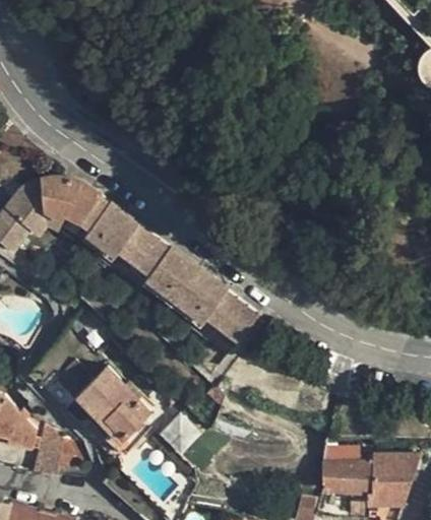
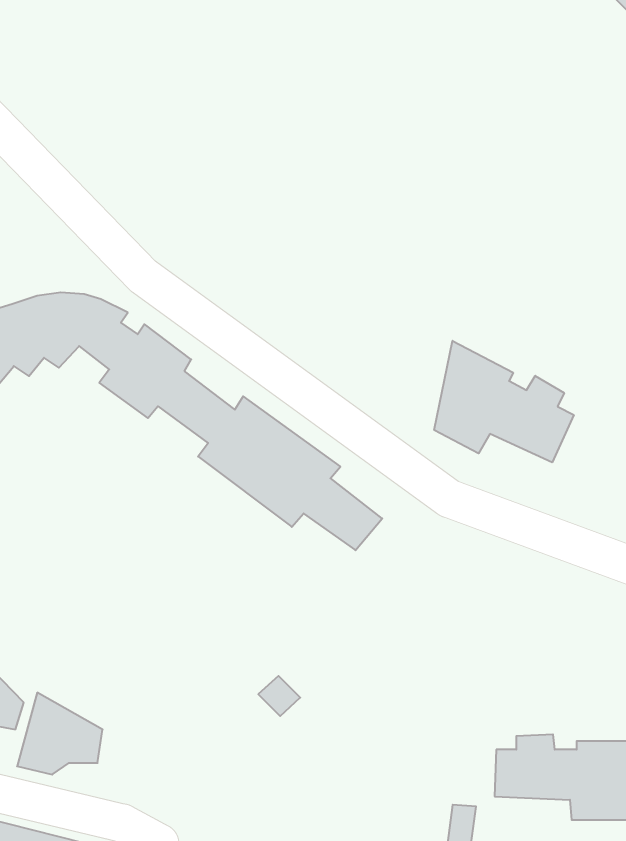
building: none -> [434,341,574,462]
building: [79,367,152,454] -> none

